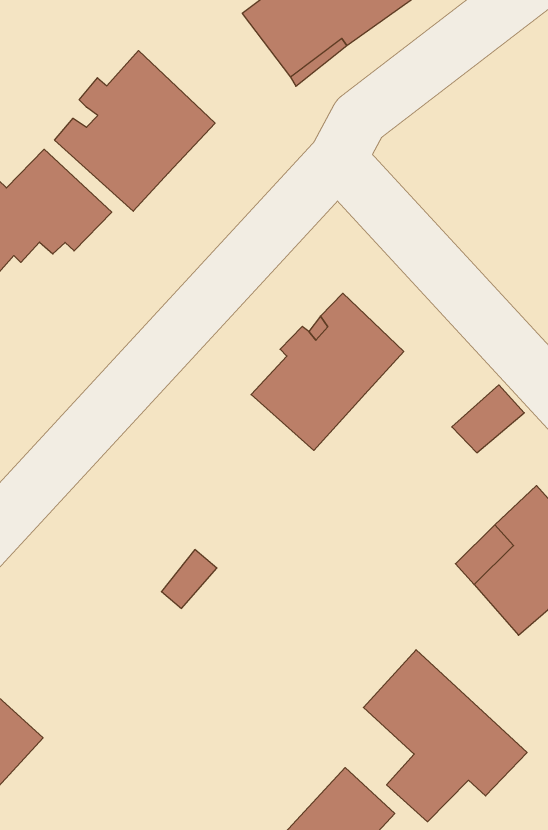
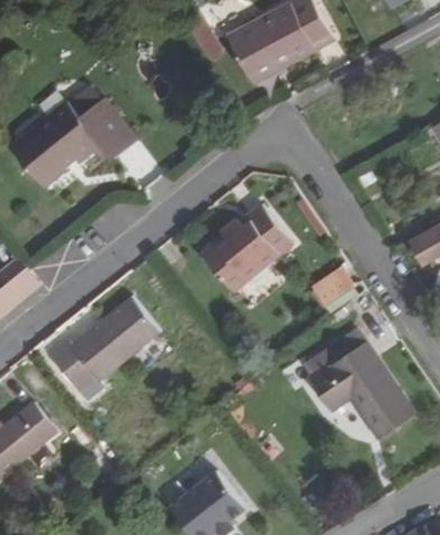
building: [55,51,215,211] -> none
building: none -> [52,298,157,397]
building: [363,650,527,822] -> none

